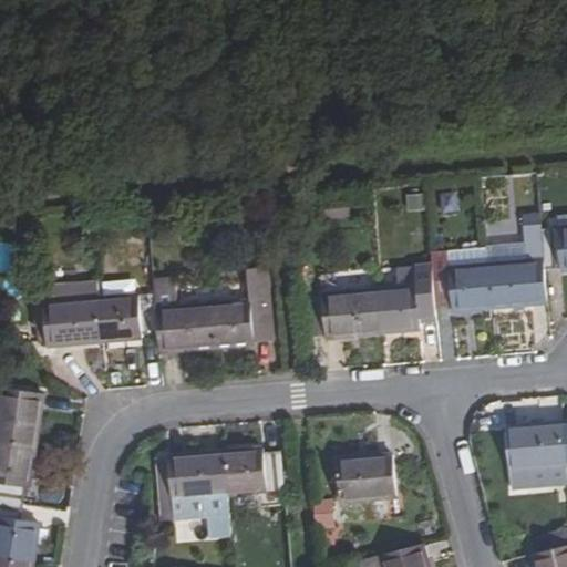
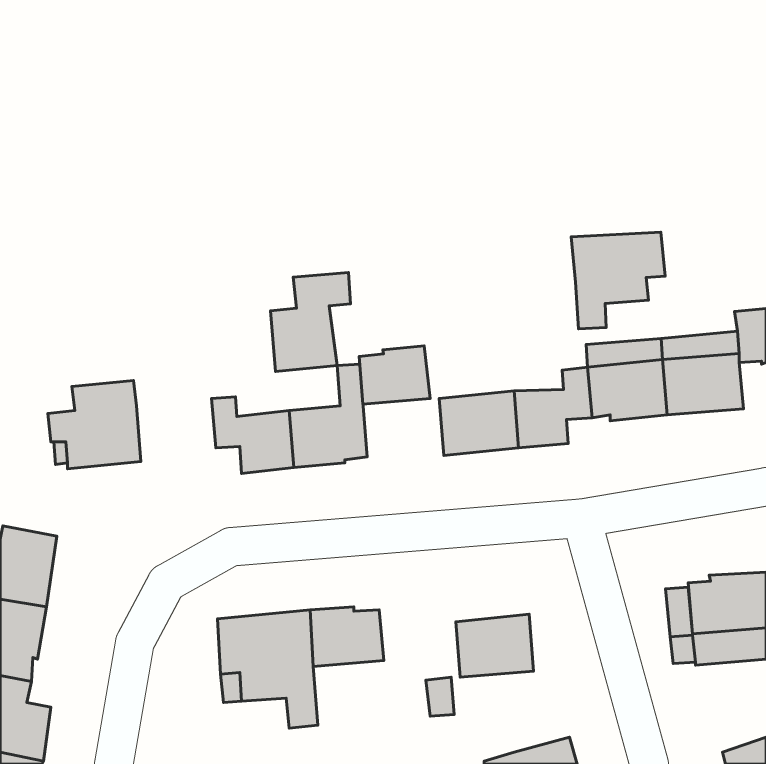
building: none -> [571,232,665,329]
building: none -> [271,273,350,371]
building: none -> [359,346,430,404]
building: [101,295,159,341] -> none

